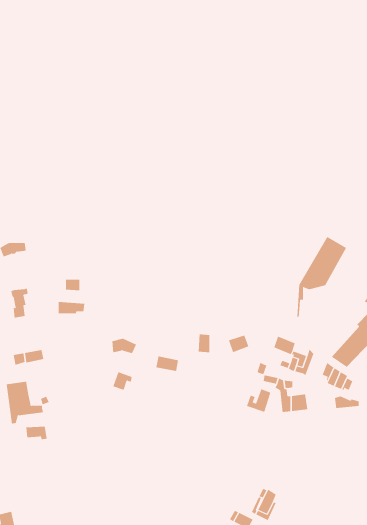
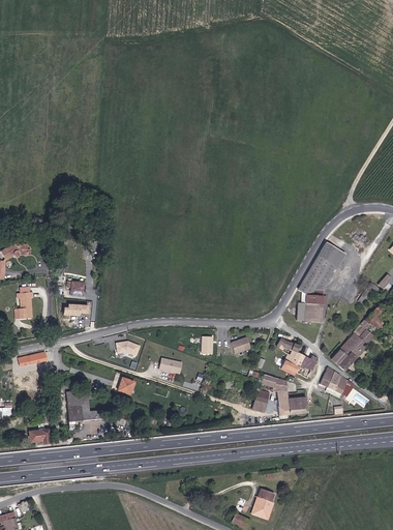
building: none -> [299,288,325,321]
building: [6,381,44,424] -> [65,386,102,429]

